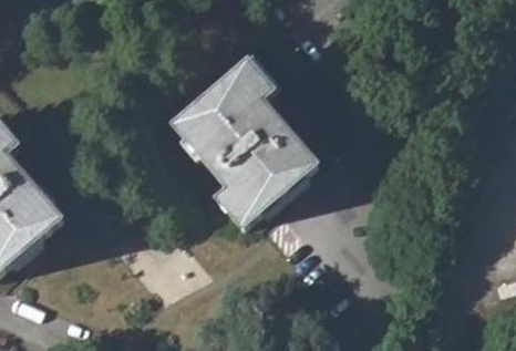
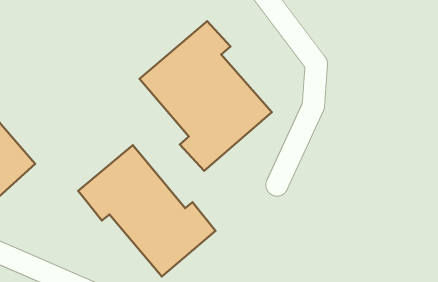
building: none -> [78,145,216,276]

